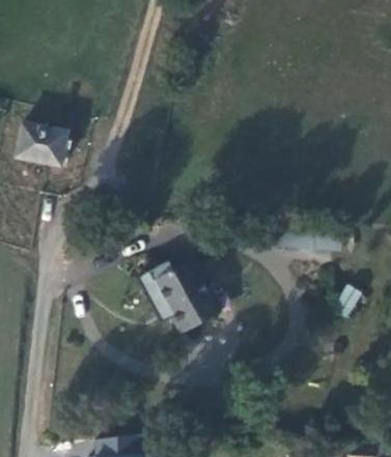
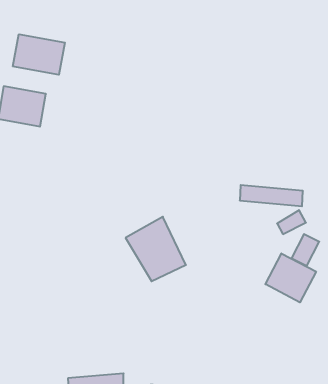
building: none -> [13,34,65,75]
building: none -> [265,253,316,302]

